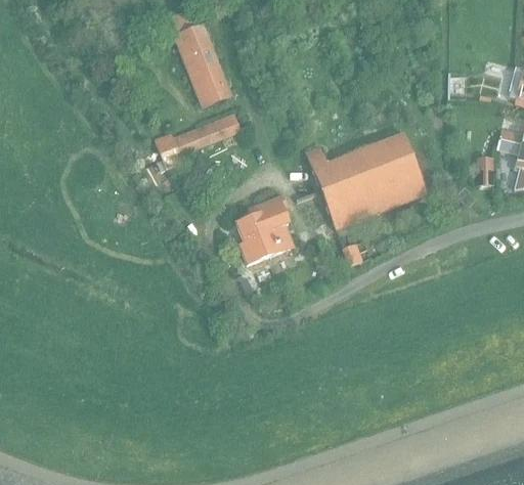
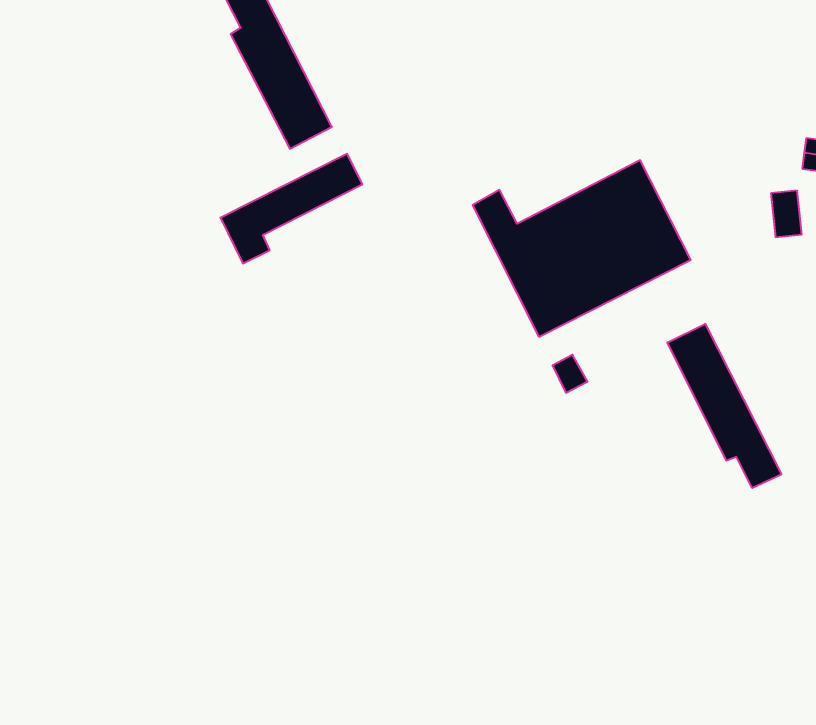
building: [237,196,294,263] -> none
building: none -> [667,324,781,488]

